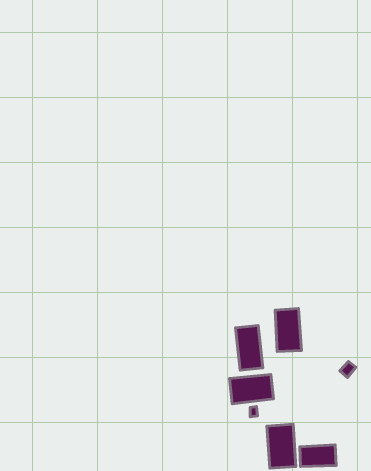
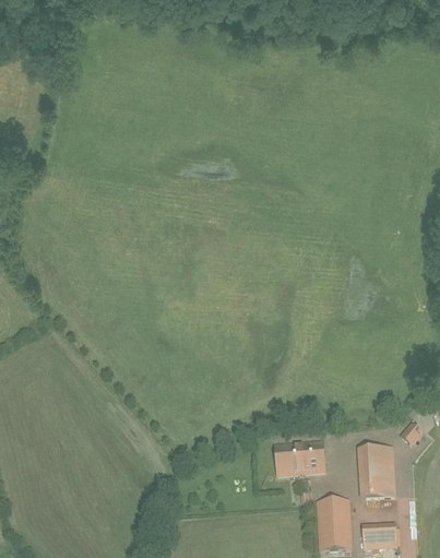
building: [275,308,301,351] -> [362,449,393,499]
building: [236,326,263,370] -> none

